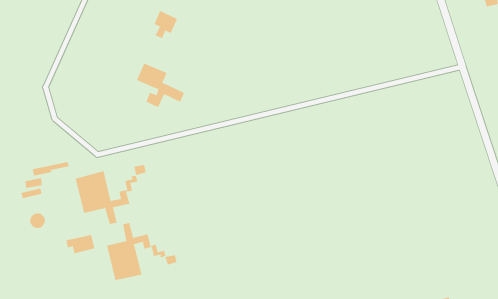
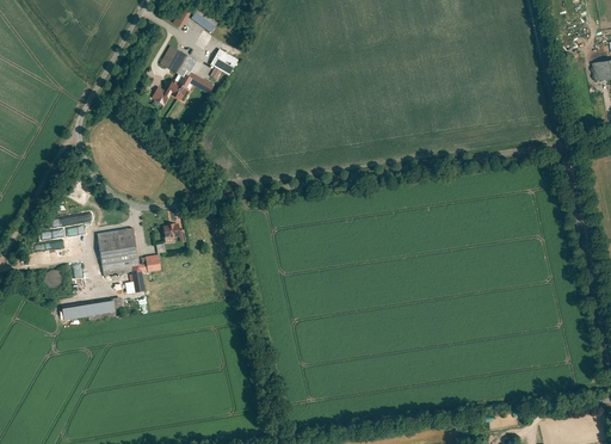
building: [136,63,185,108] -> [159,45,214,99]
building: [107,222,177,281] -> none

